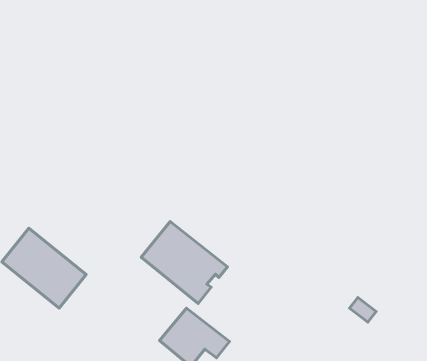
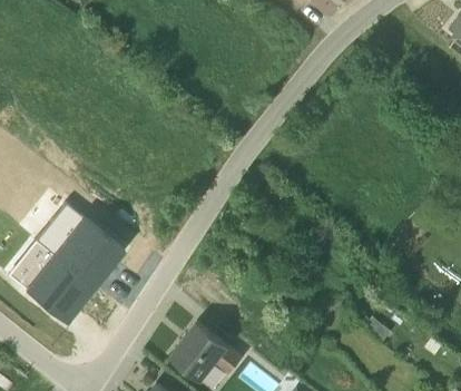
building: [141,221,227,303] -> [36,205,125,290]

